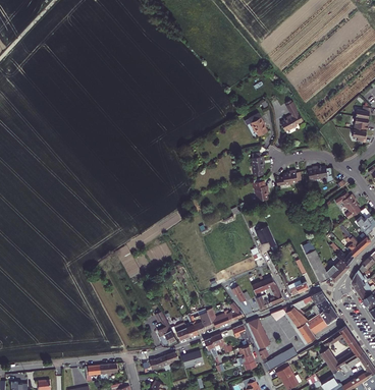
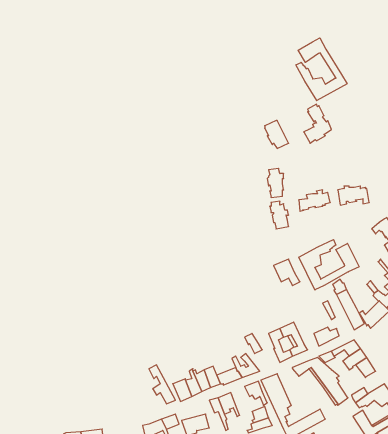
building: none -> [296,38,347,101]
building: none -> [299,240,359,290]

